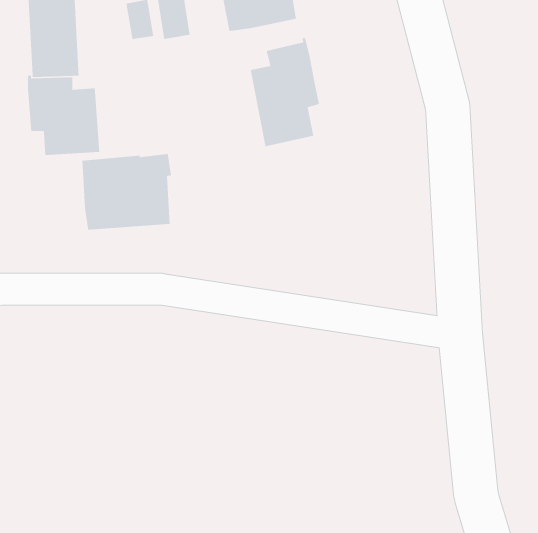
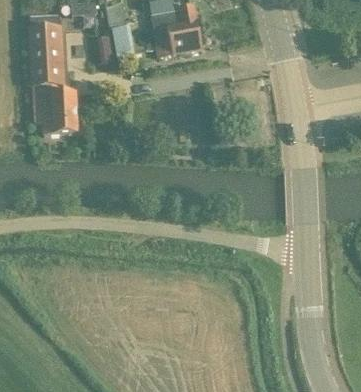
building: [250,37,320,147] -> none
building: [82,153,172,230] -> none

